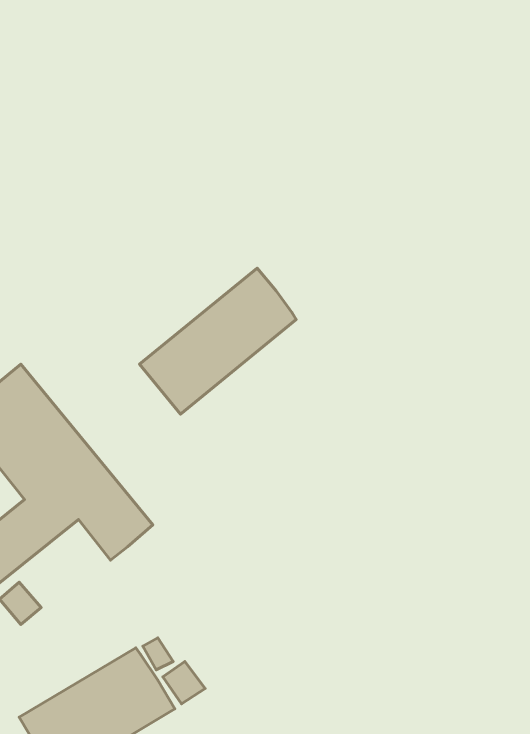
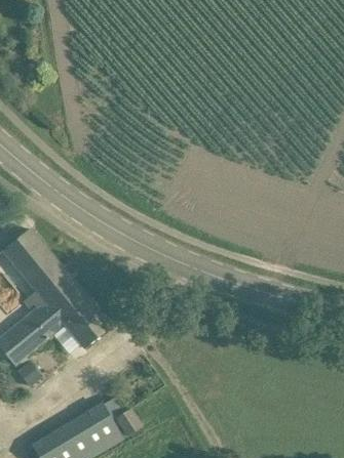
building: [139,268,296,414] -> none

